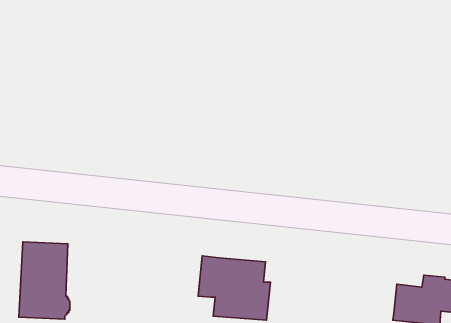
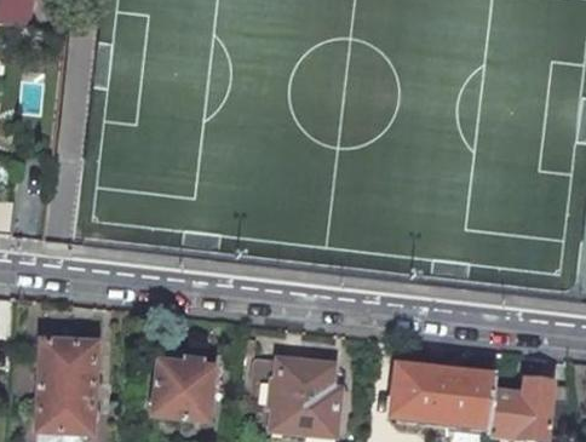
building: none -> [151,355,212,419]
building: none -> [390,364,493,425]

